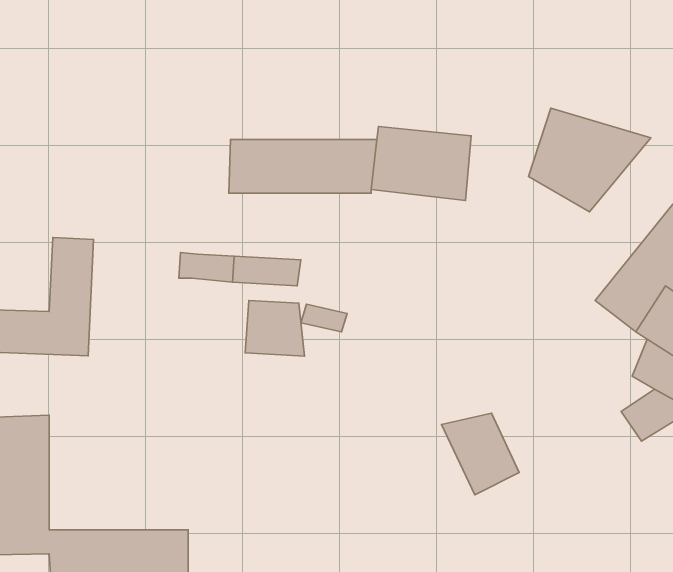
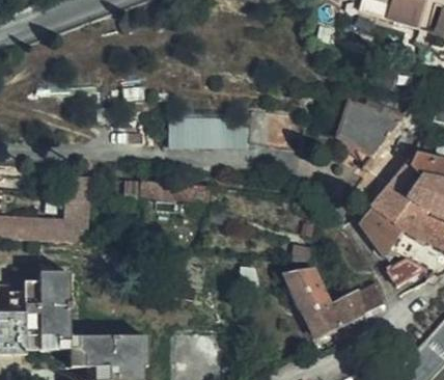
building: none -> [362,207,403,259]
building: [245,301,304,356] -> none
building: none -> [306,280,386,337]

